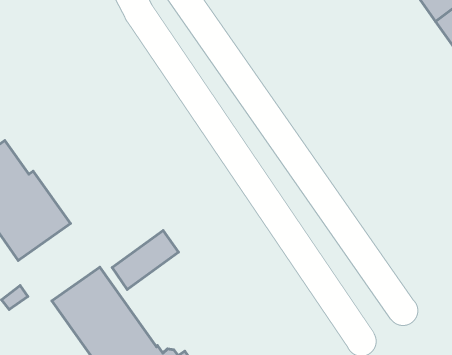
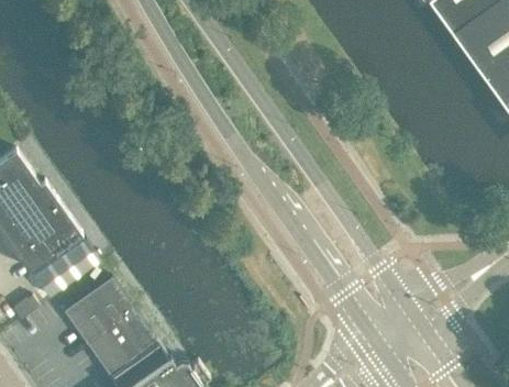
building: [112,230,179,289] -> [33,239,100,298]

